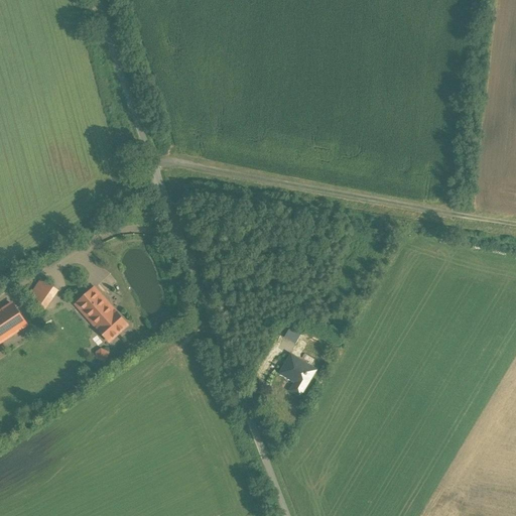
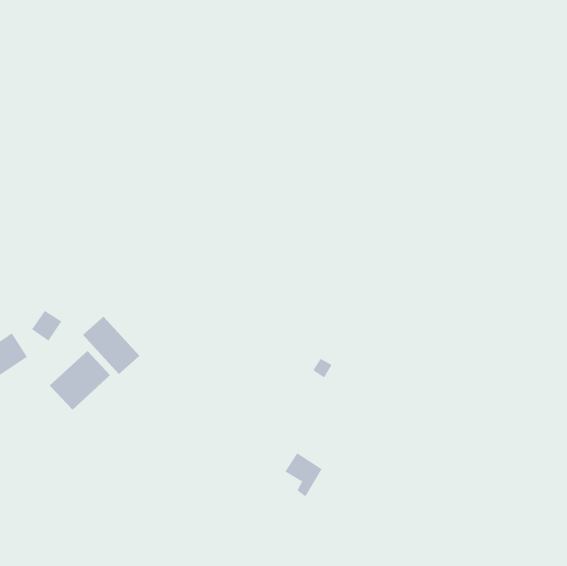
building: none -> [49,350,111,411]
building: [279,354,313,394] -> [285,453,322,497]

